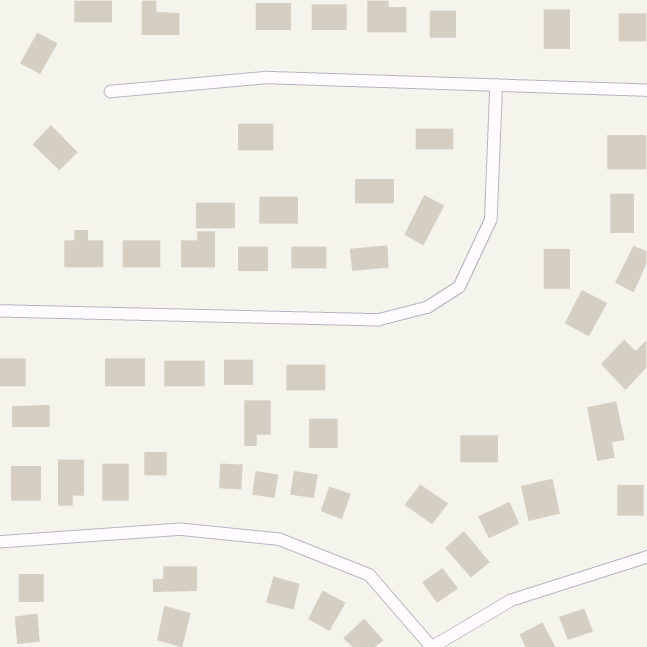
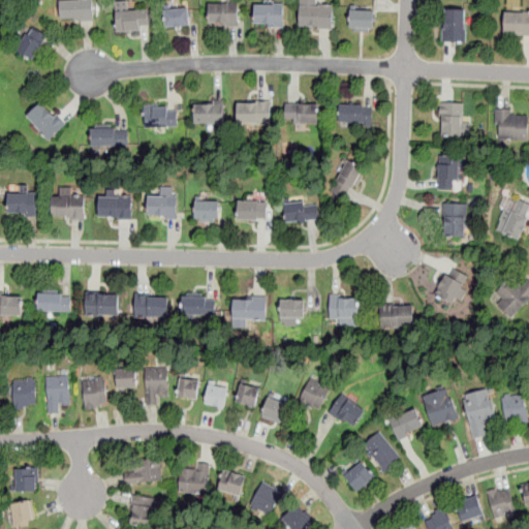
building: none -> [164,8,189,27]
building: none -> [439,102,463,136]
building: none -> [91,125,126,146]
building: [354,179,395,204] -> [285,103,318,124]
building: [609,193,635,234] -> [437,157,458,190]
building: [258,196,299,224] -> [237,101,270,124]
building: [195,202,236,229] -> [144,105,177,127]
building: none -> [8,193,37,216]
building: [564,289,608,337] -> [434,267,470,306]
building: none -> [329,294,359,326]
building: [243,400,271,447] -> [145,368,167,406]
building: [586,401,626,462] -> [463,390,495,439]
building: [11,405,51,427] -> [37,293,69,312]
building: [308,418,339,449] -> [279,300,304,324]
building: [459,435,499,463] -> [380,306,412,329]
building: none -> [300,378,330,410]
building: none -> [179,466,209,494]
building: none -> [487,487,515,520]

